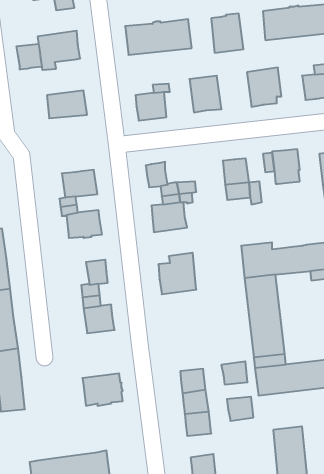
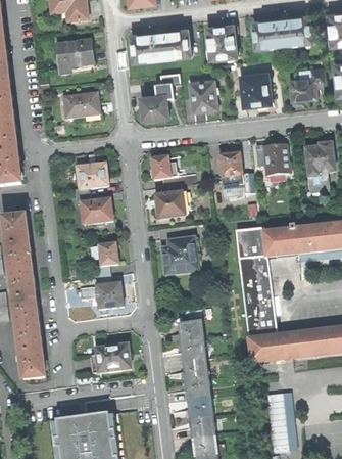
building: [17,44,42,70] -> none
building: [221,361,248,384] -> [179,321,202,341]
building: [227,397,253,421] -> [188,397,211,418]

